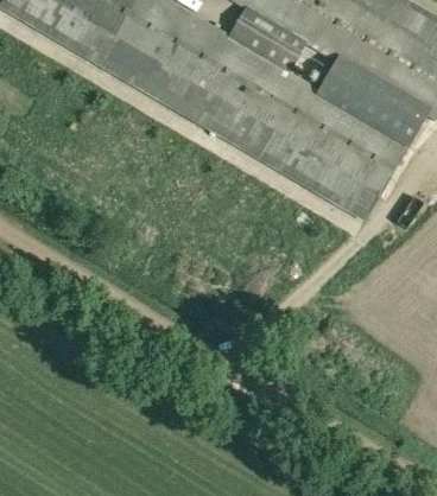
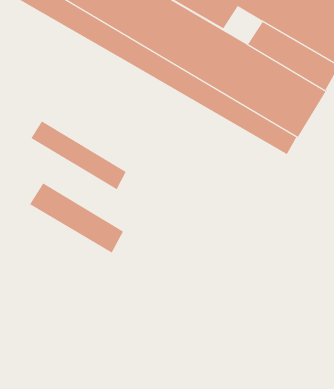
building: none -> [29,121,127,190]
building: none -> [28,182,124,254]

